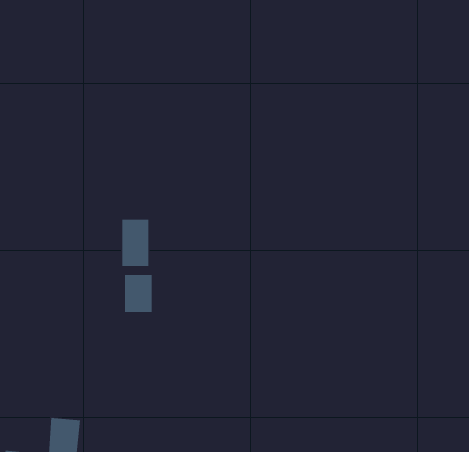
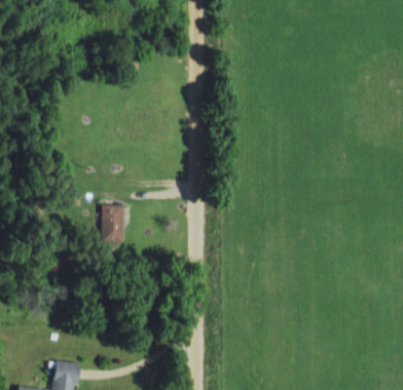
building: [124,274,152,313] -> none

